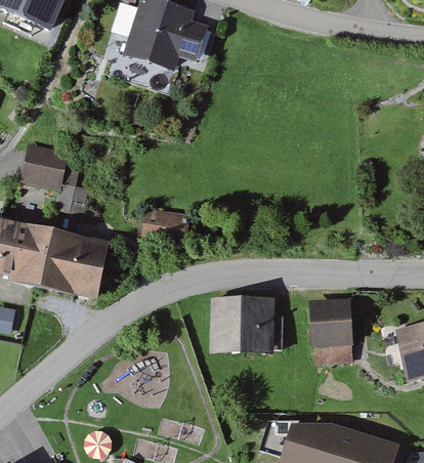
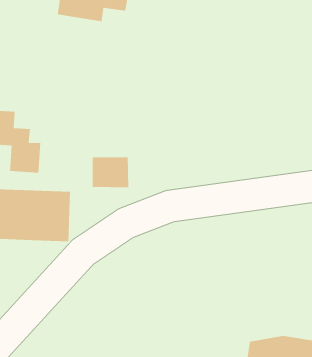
building: [213,294,278,349] -> none
building: [307,299,352,360] -> none

